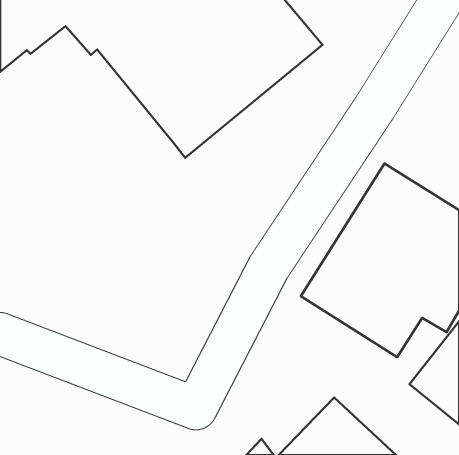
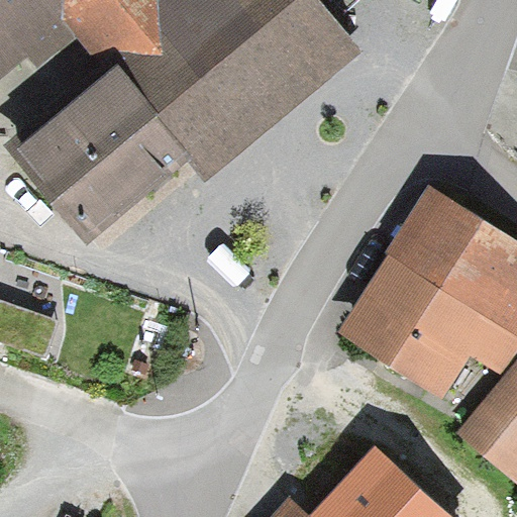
building: none -> [4,56,195,247]

